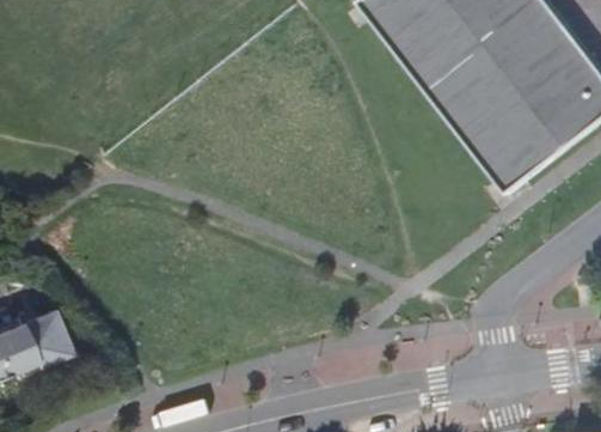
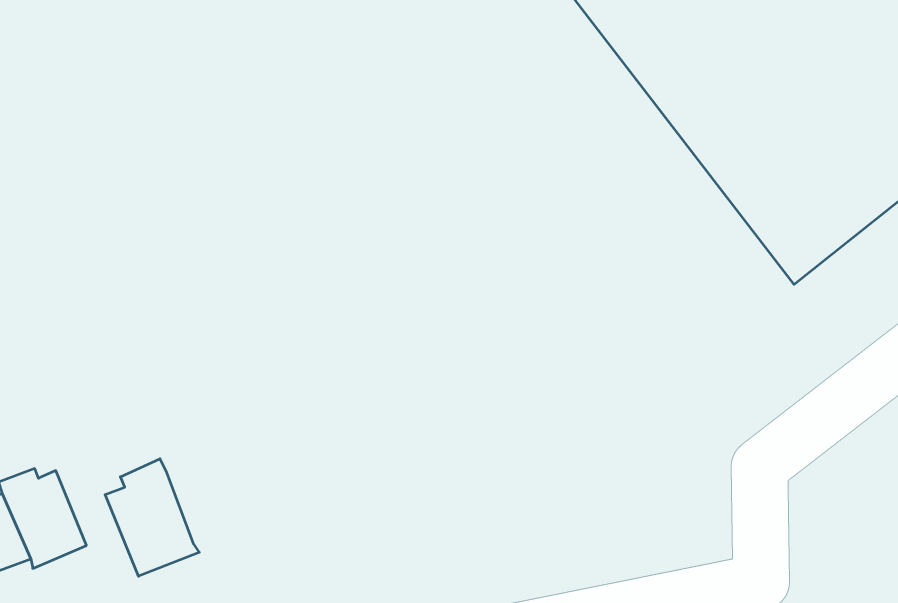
building: none -> [105,459,199,576]

